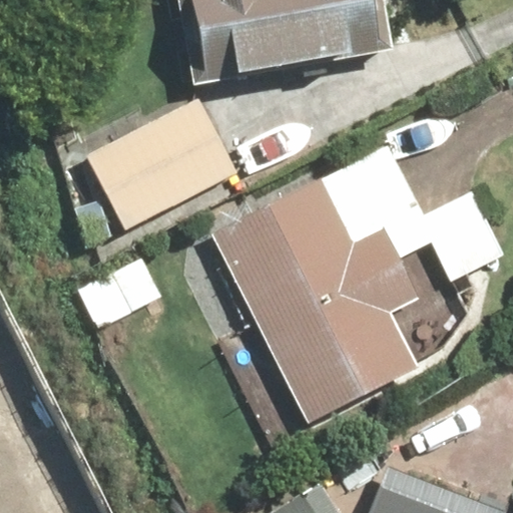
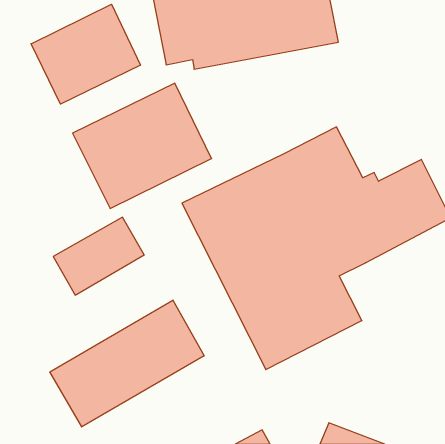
building: none -> [31,4,140,104]
building: none -> [50,300,204,427]

